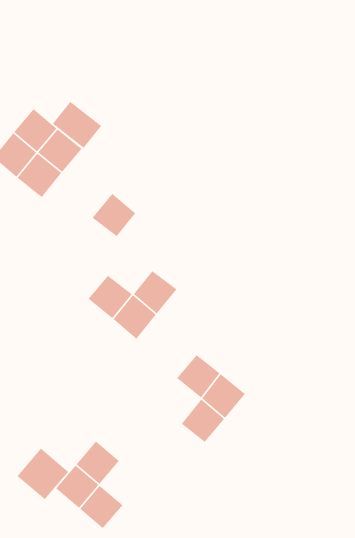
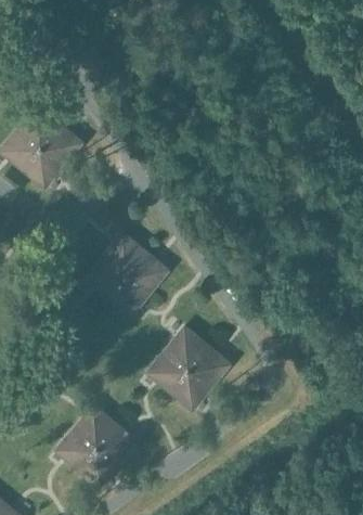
building: [52,101,102,149] -> none
building: [92,193,136,237] -> [104,233,144,273]
building: none -> [147,349,189,390]
building: [17,448,69,500] -> none
building: none -> [96,424,137,464]

